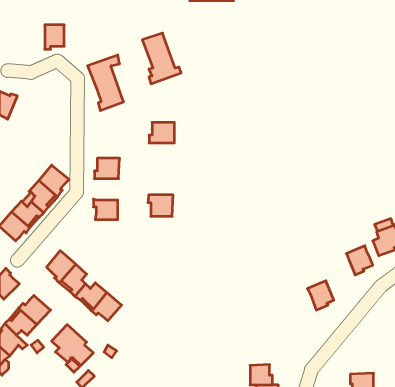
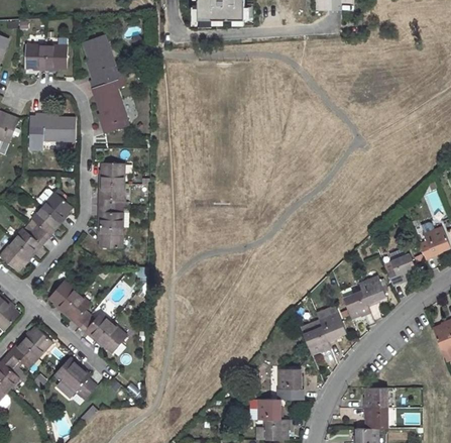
building: none -> [25,44,46,71]
building: [142,33,181,84] -> [82,35,122,88]
building: none -> [35,114,76,140]
building: [149,122,174,143] -> [98,162,124,184]
building: [148,195,173,216] -> [97,205,123,227]
building: none -> [343,290,371,318]
building: none -> [303,325,331,352]
building: none -> [278,367,303,399]
building: none -> [363,386,387,408]

